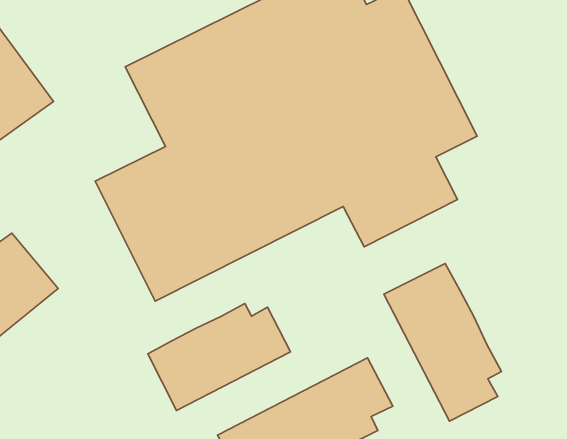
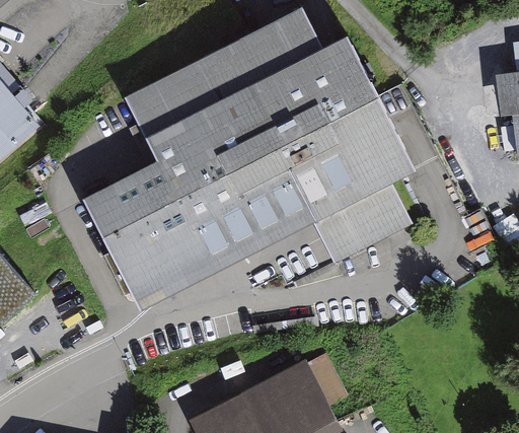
building: [384,263,501,421] -> none
building: [148,304,290,411] -> none

